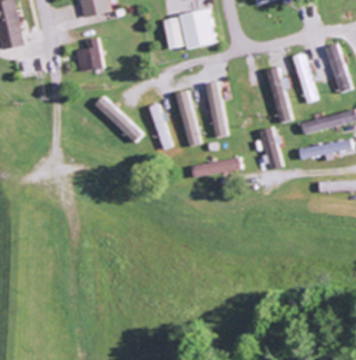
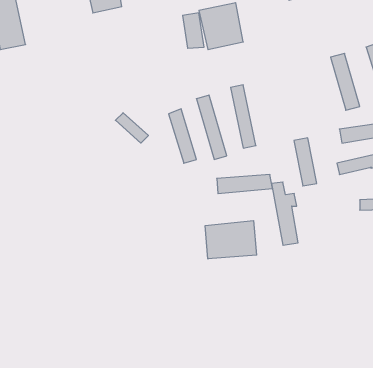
building: [75,37,103,71] -> none
building: [267,67,290,123] -> [271,182,298,245]
building: none -> [205,221,257,259]

